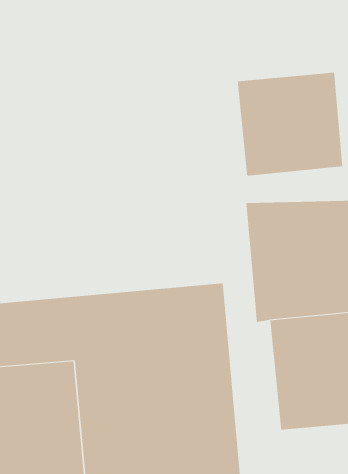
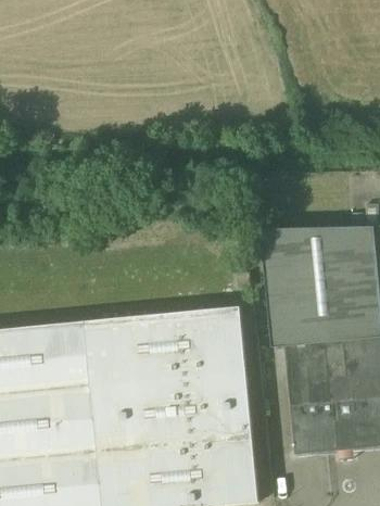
building: [237,72,343,177] -> none

